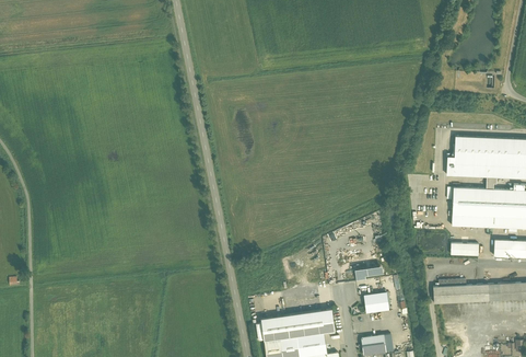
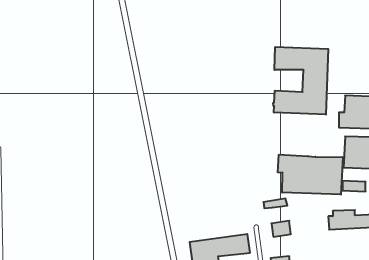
building: none -> [273,47,328,115]
building: none -> [278,155,343,195]

